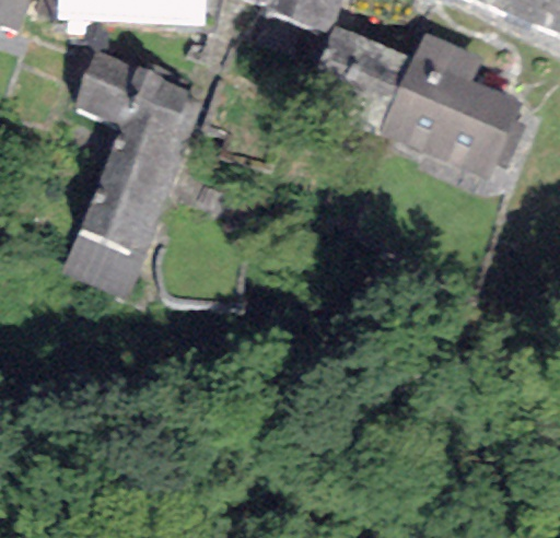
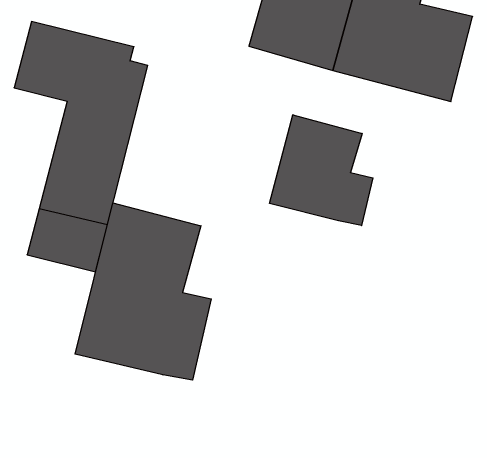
building: none -> [270,115,373,226]
building: none -> [75,203,211,380]

